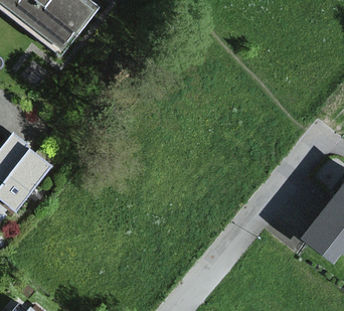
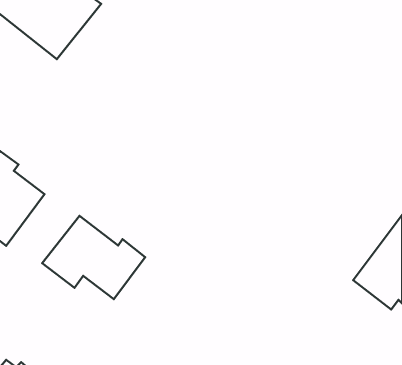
building: none -> [42,216,145,299]

